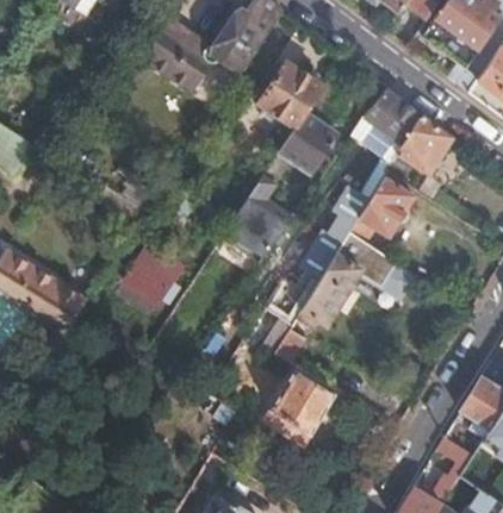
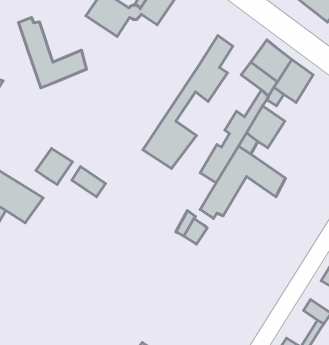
building: none -> [19,17,87,88]
building: [256,61,321,127] -> none
building: none -> [36,149,73,184]
building: [265,373,333,444] -> none

